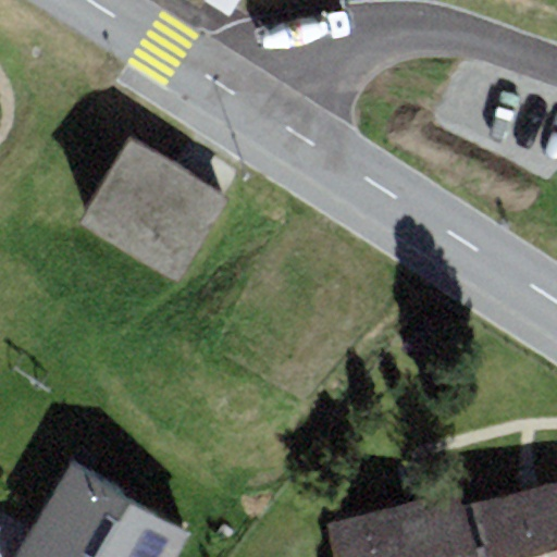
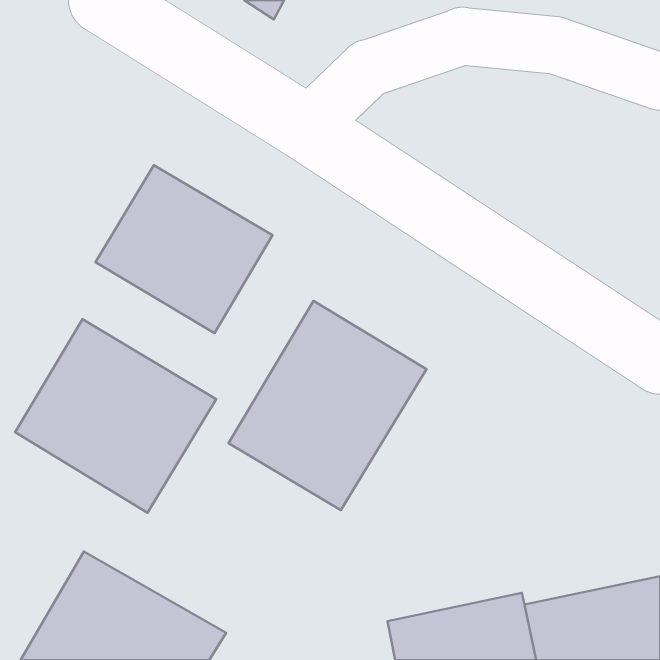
building: none -> [228,301,427,510]
building: none -> [15,319,216,513]

